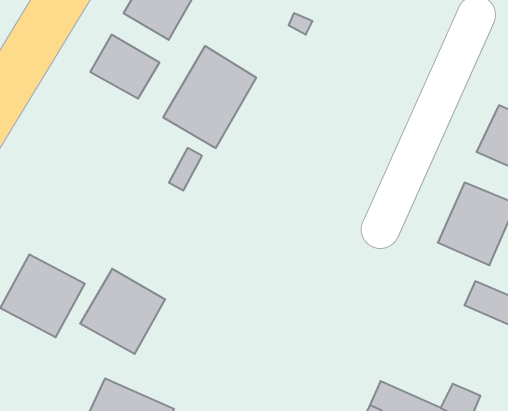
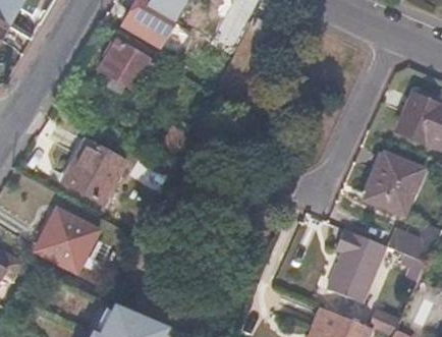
building: [163,46,256,148] -> none
building: [80,269,165,354] -> [61,138,126,204]
building: none -> [326,229,385,302]

